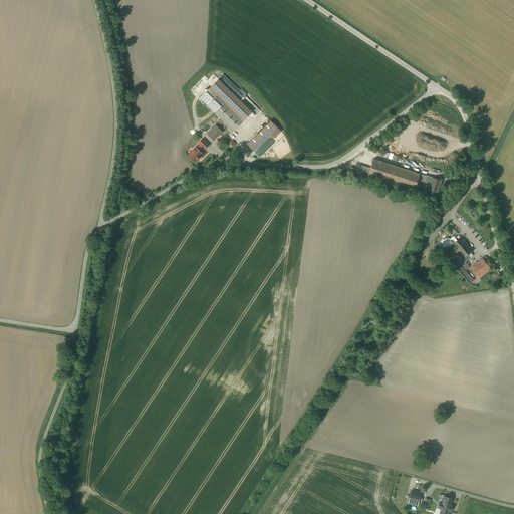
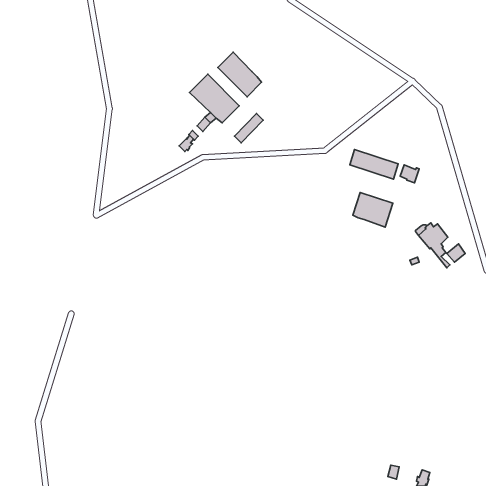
building: none -> [218,52,262,97]
building: none -> [353,193,393,227]

